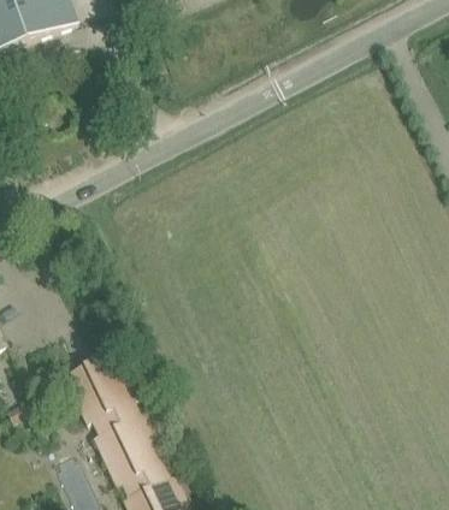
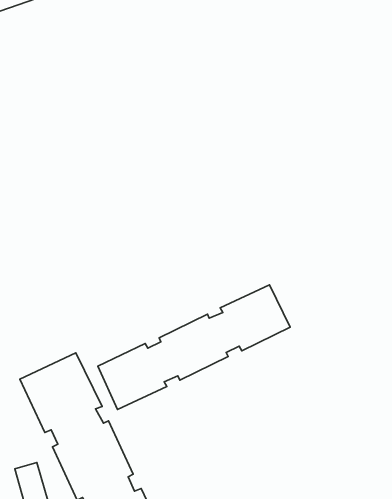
building: none -> [98,285,290,409]

